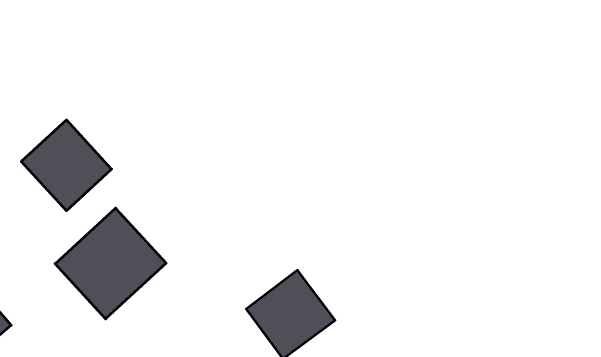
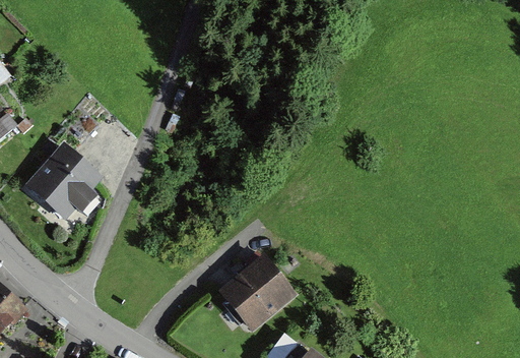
building: [55,208,166,319] -> none

